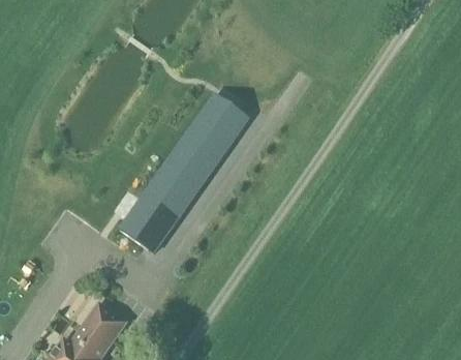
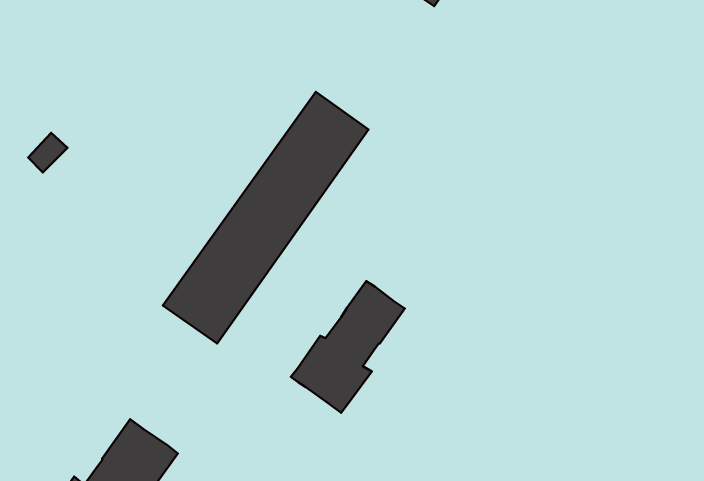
building: none -> [291,281,405,413]

